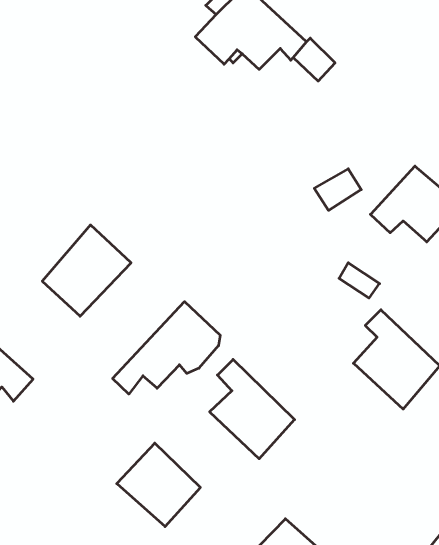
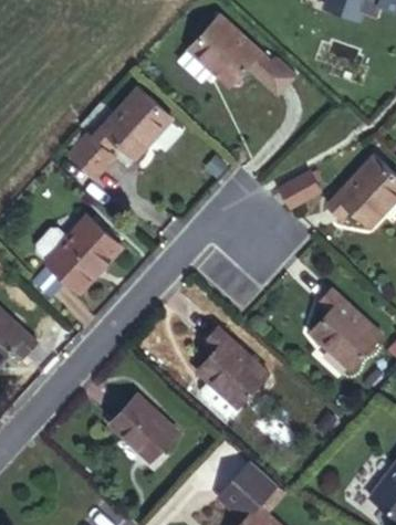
building: none -> [73,83,175,179]
building: [113,302,220,394] -> none

